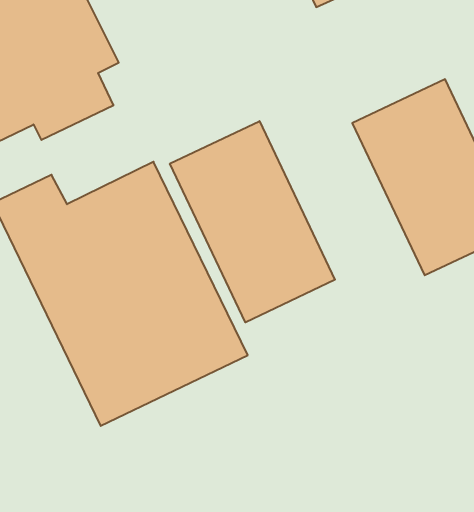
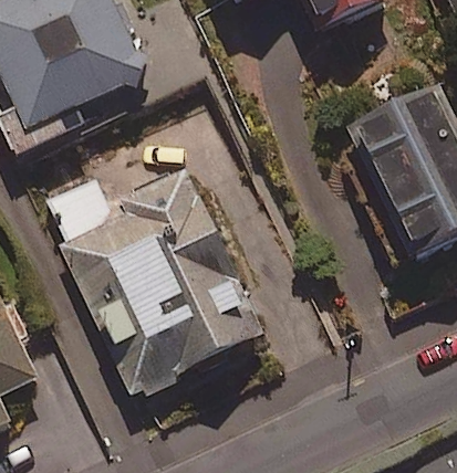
building: [170,121,335,322] -> none

